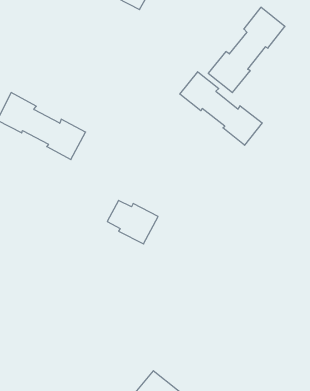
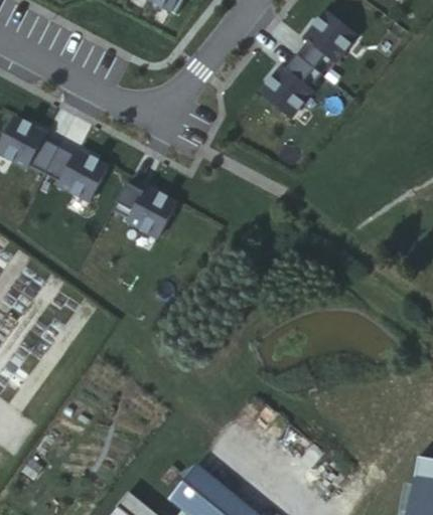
building: [180,72,262,145] -> none
building: [107,200,158,244] -> [114,183,177,237]

